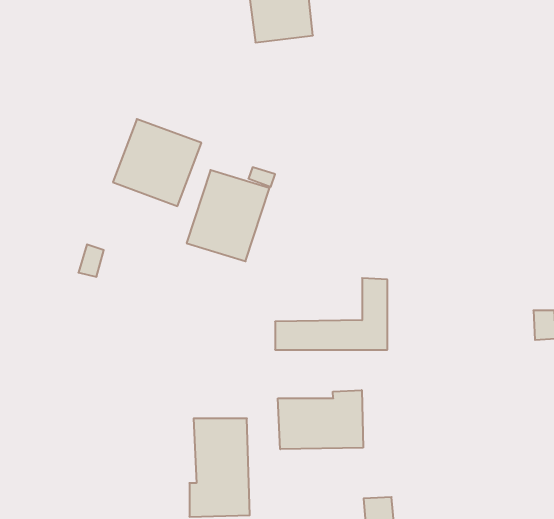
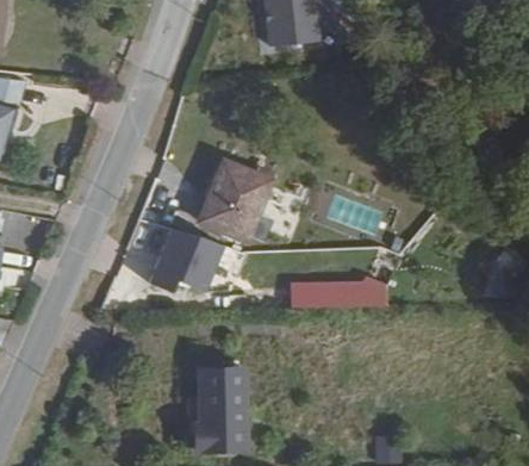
building: [113,119,201,206] -> [133,226,209,300]
building: [278,390,363,449] -> none

